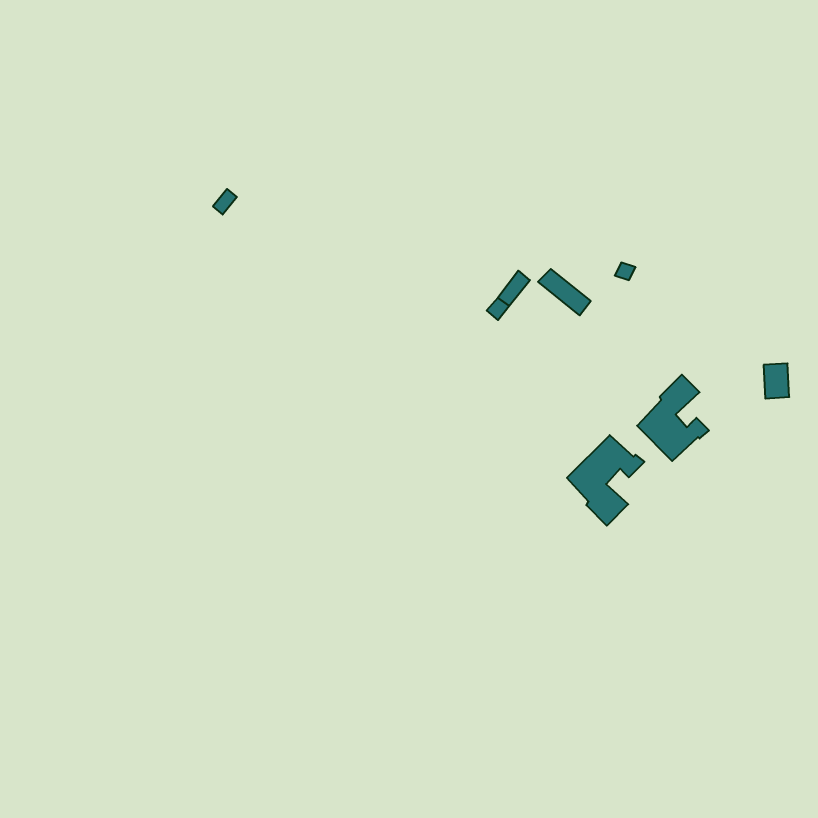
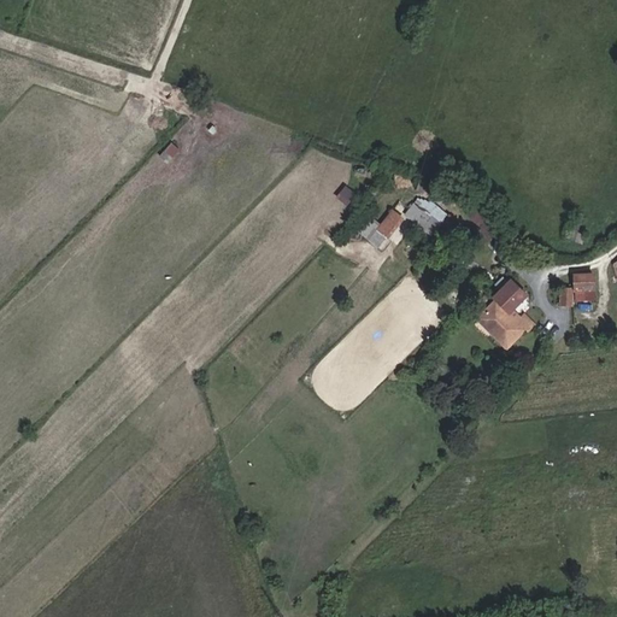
building: [567,435,644,526] -> none

